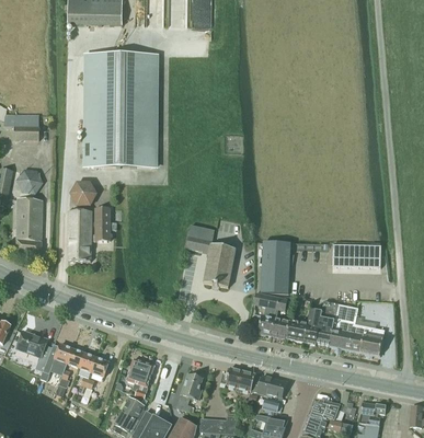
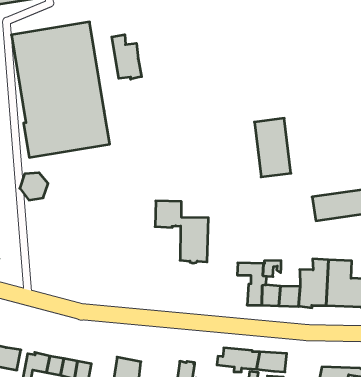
building: none -> [112,35,142,79]
building: [68,207,117,260] -> none
building: [261,241,290,292] -> [254,118,291,177]

